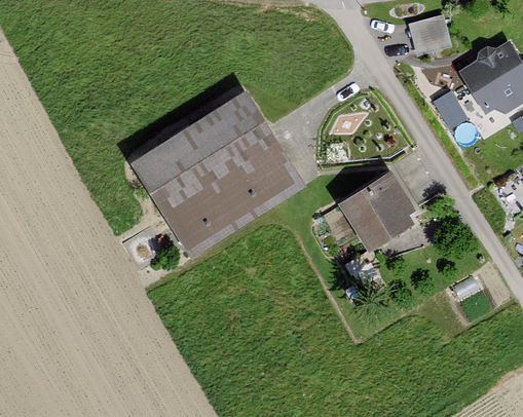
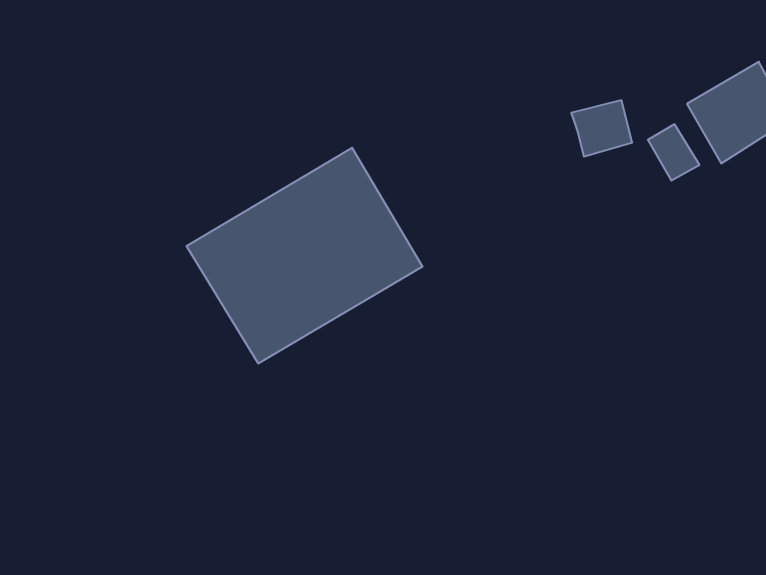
building: [410,16,450,53] -> [571,100,632,156]
building: [343,177,414,241] -> none

